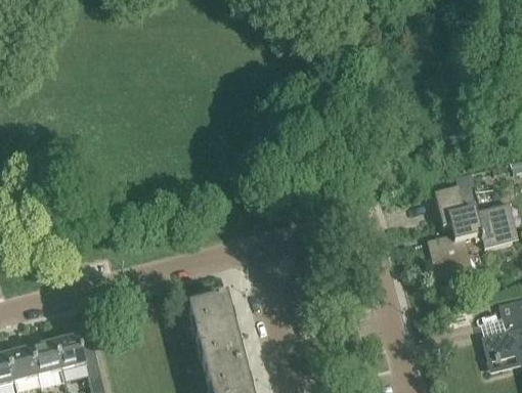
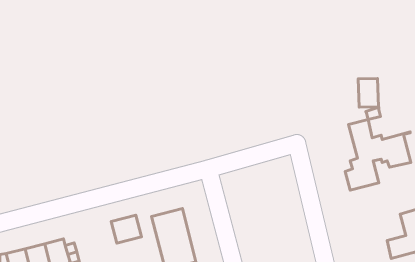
building: none -> [358,78,378,107]
building: none -> [111,215,142,243]

